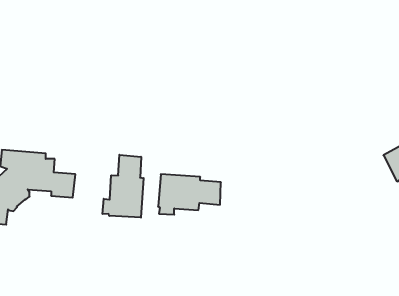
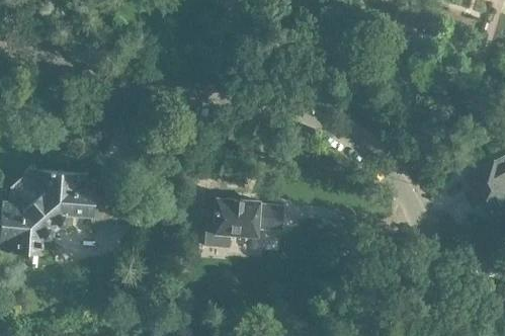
building: [103,155,144,218] -> none

